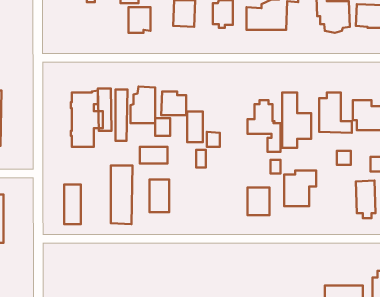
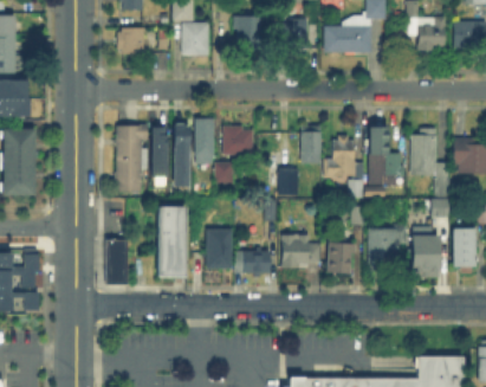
building: none -> [118,24,144,54]
building: [187,111,203,142] -> [304,128,323,165]
building: [140,147,168,164] -> [235,251,268,271]
building: none -> [279,234,318,267]
building: none -> [410,236,436,267]

